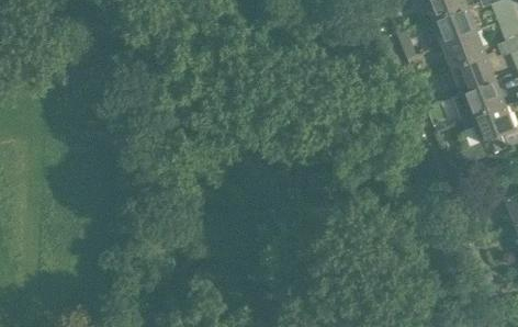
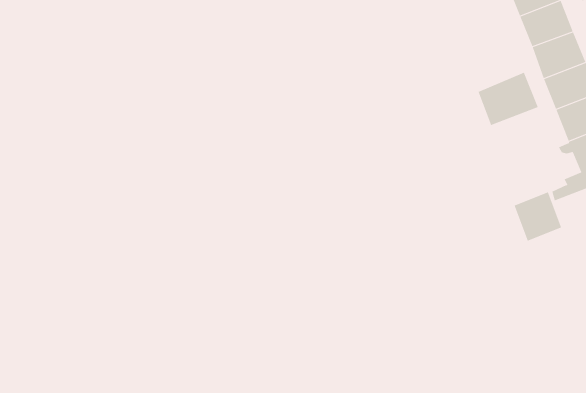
building: none -> [478,72,538,126]
building: none -> [514,192,562,241]

